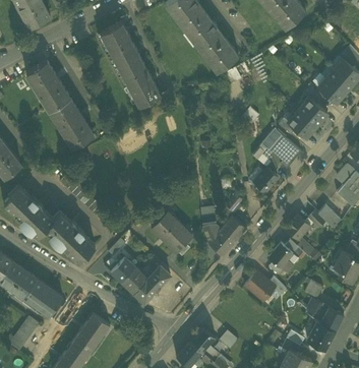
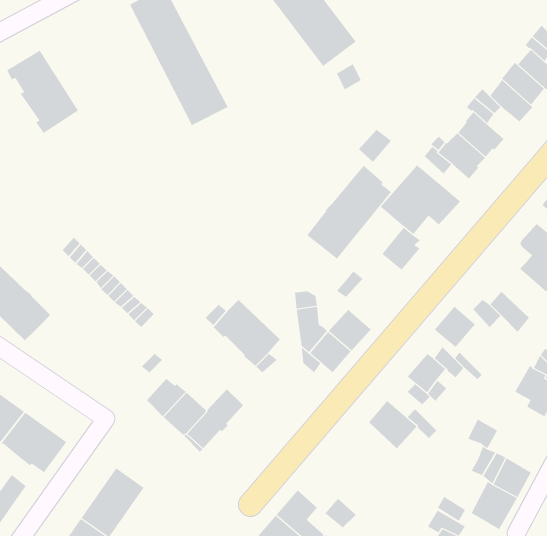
building: [50,97,94,147] -> none
building: none -> [305,165,392,259]
building: [45,211,95,261] -> none

